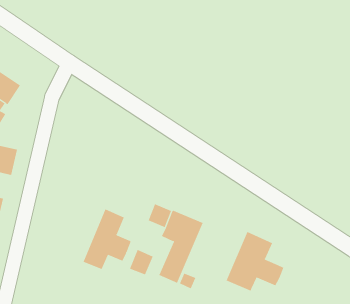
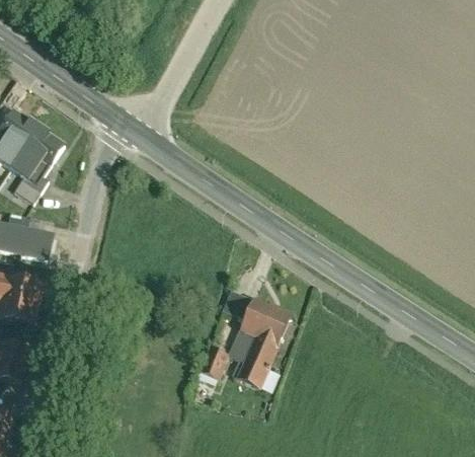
building: [83,209,131,270] -> none
building: [226,231,284,292] -> none

